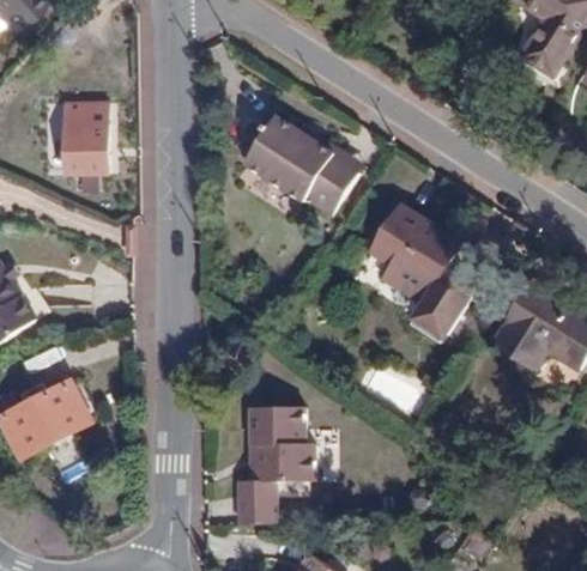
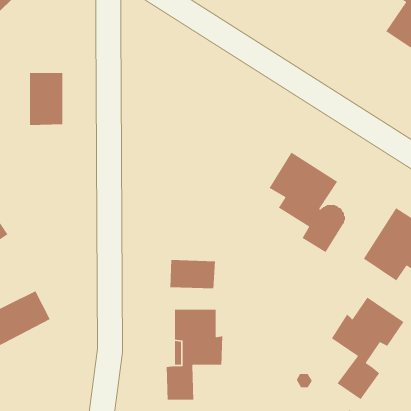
building: [234,115,356,217] -> none
building: none -> [170,259,216,289]
building: none -> [331,296,405,400]

